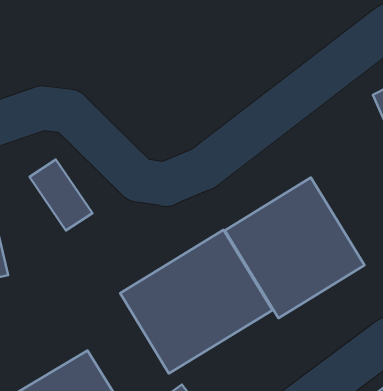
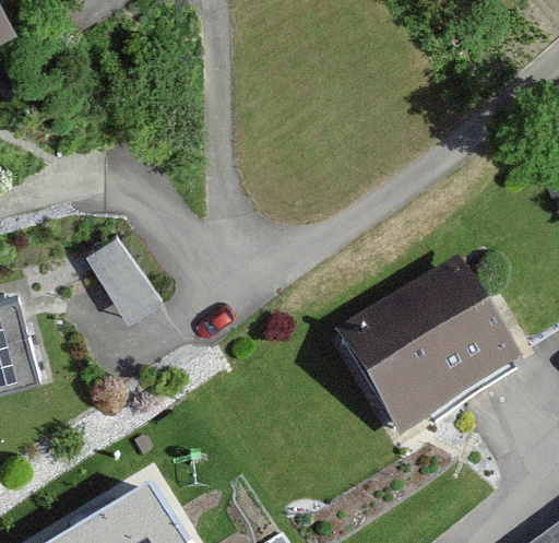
building: [120,230,272,374] -> none

